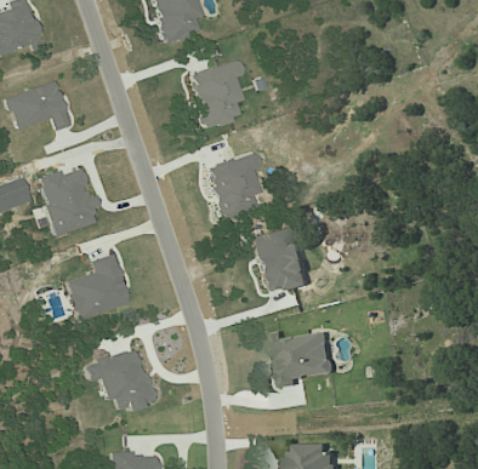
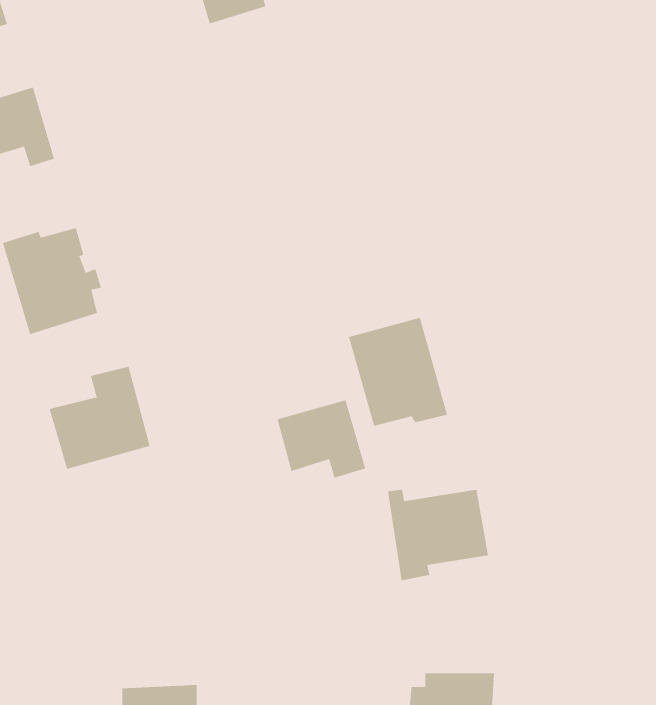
building: [192,61,245,127] -> none
building: [207,153,262,217] -> none
building: none -> [277,399,366,479]
building: [86,349,154,412] -> none

